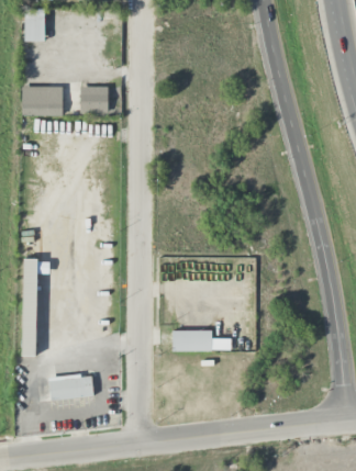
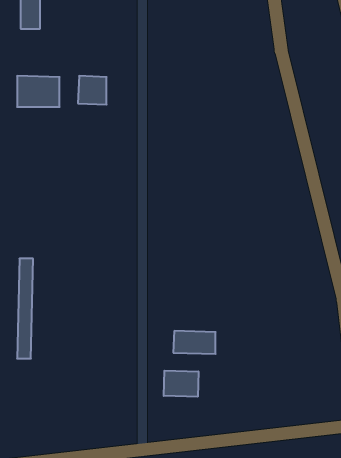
building: none -> [164,371,198,397]
building: [49,373,94,401] -> none

